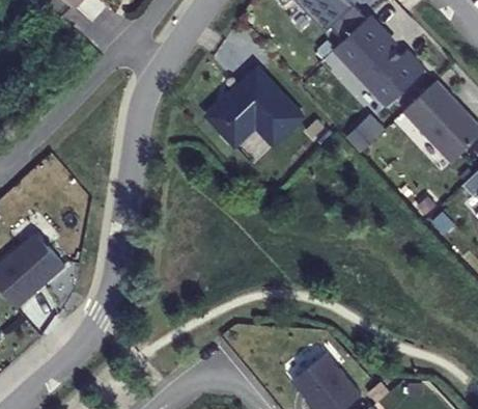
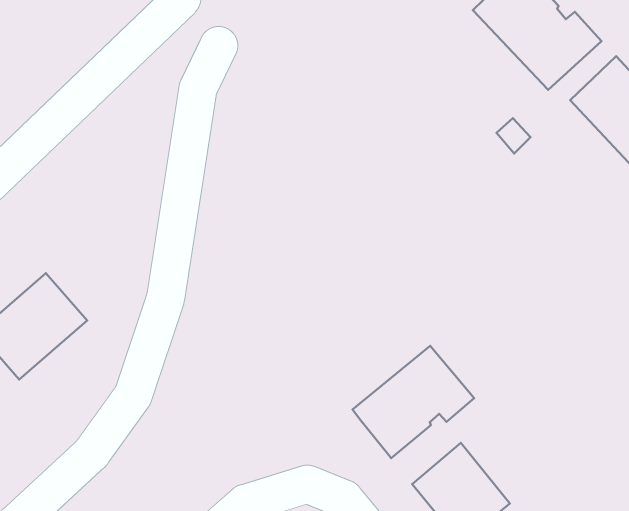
building: [206,69,304,146] -> none
building: none -> [352,346,474,458]

